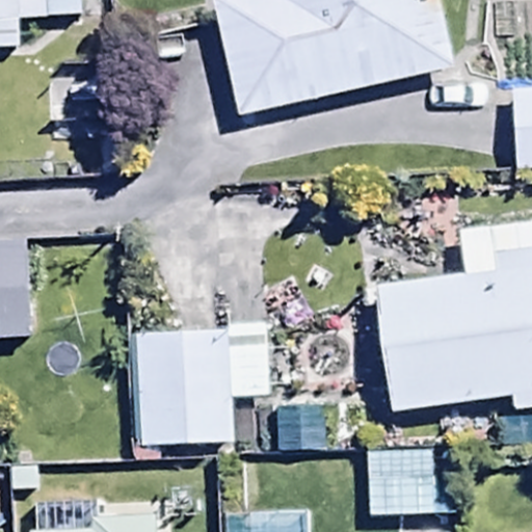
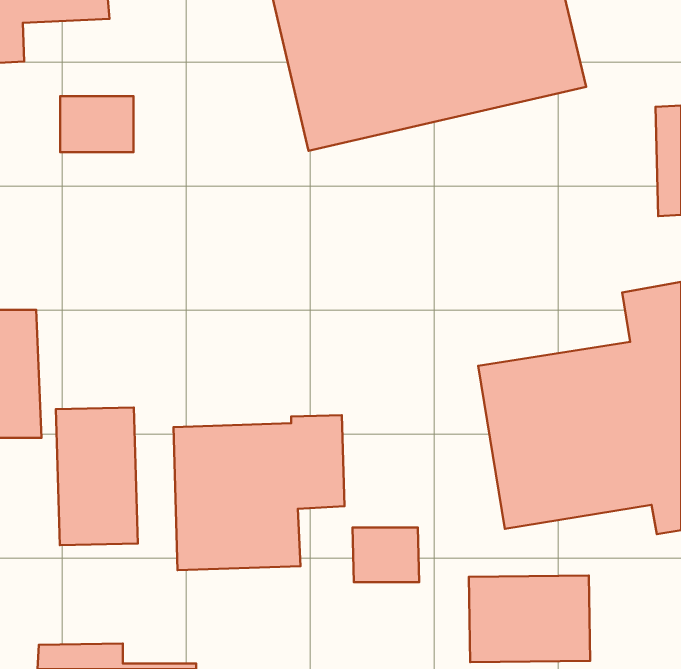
building: none -> [56,407,138,545]

